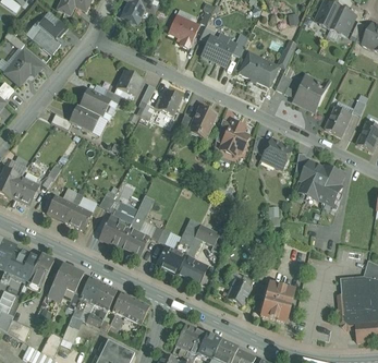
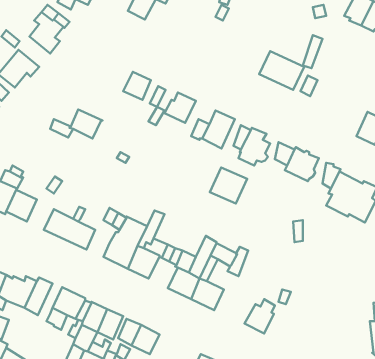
building: [168,13,199,47] -> none
building: [204,35,235,64] -> none
building: [294,76,326,108] -> none
building: [78,87,111,116] -> none
building: none -> [210,167,247,204]
building: [260,282,294,320] -> none

